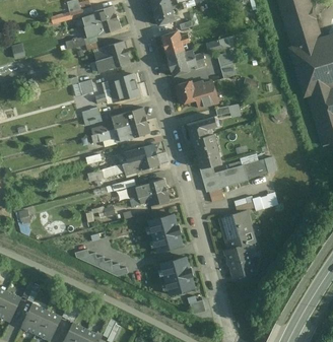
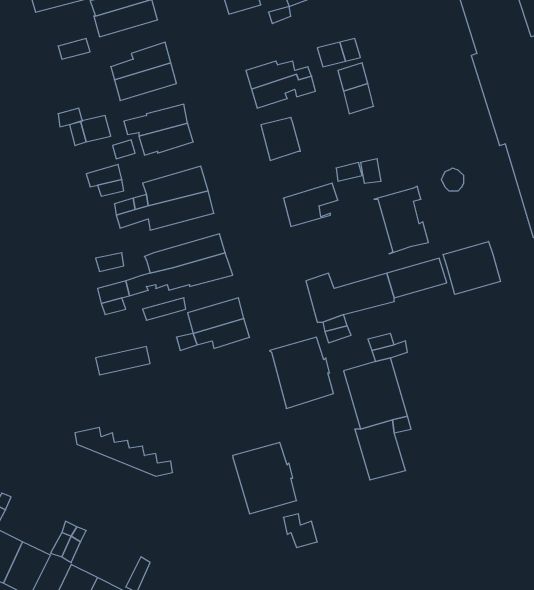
building: [160,30,189,56] -> none
building: [192,81,217,109] -> none
building: [191,133,220,169] -> [374,186,428,254]
building: none -> [443,241,500,294]
building: [147,214,182,253] -> [270,337,333,409]

